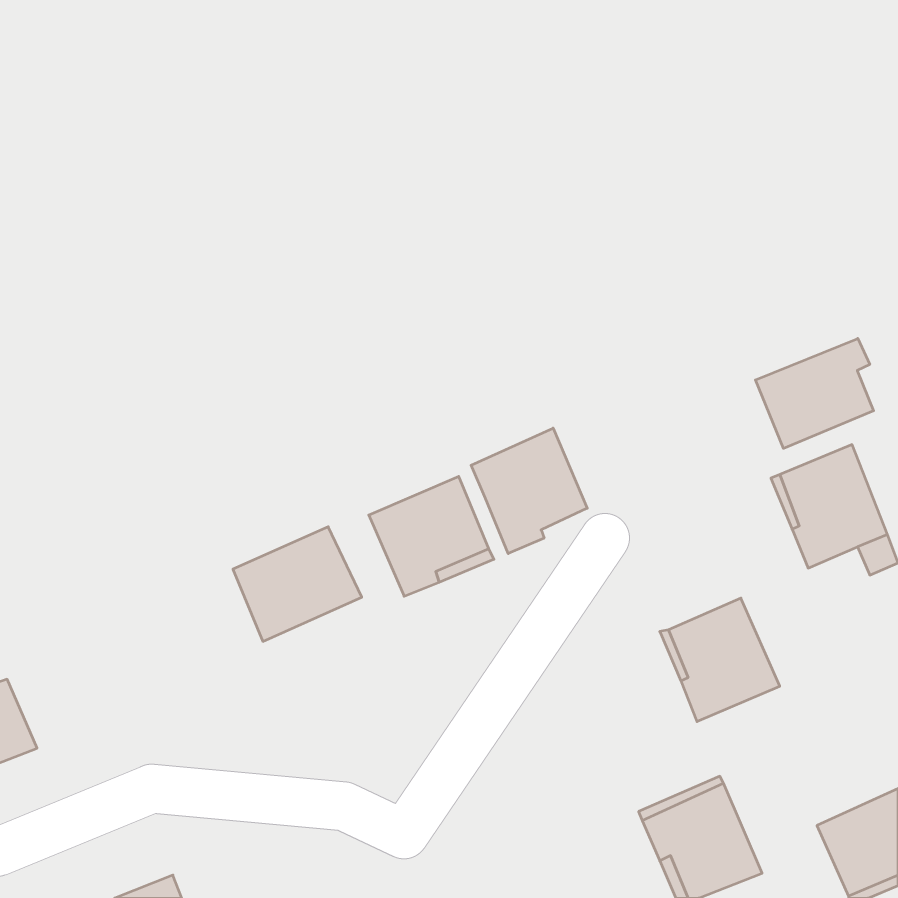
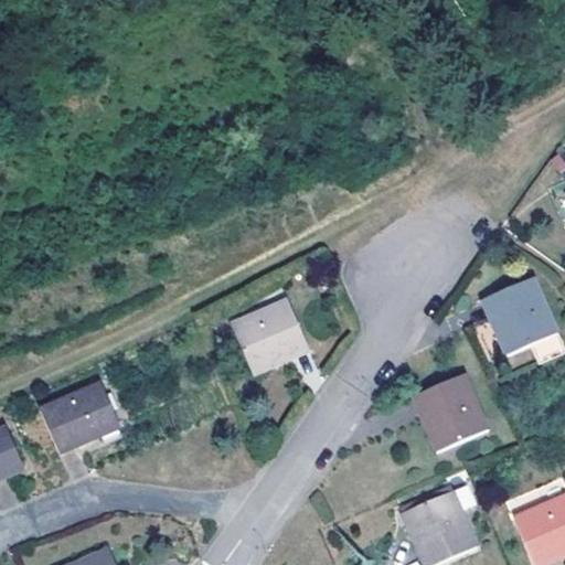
building: [755,338,874,448] -> none
building: [471,428,587,554] -> none
building: [233,527,362,641] -> [41,381,121,452]

